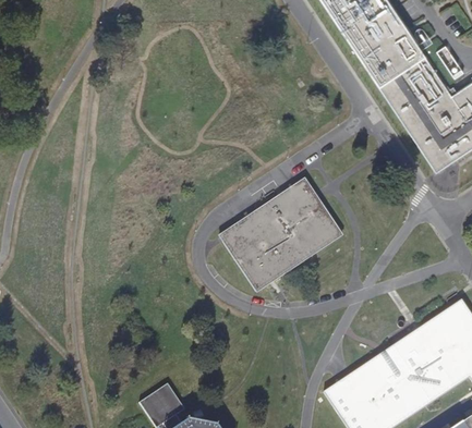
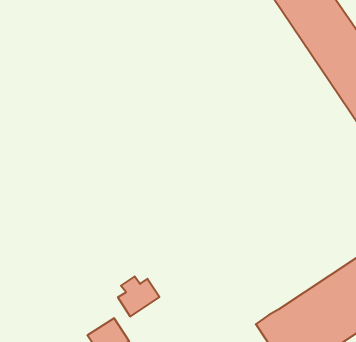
building: [219,180,342,293] -> none
building: none -> [118,276,159,317]

